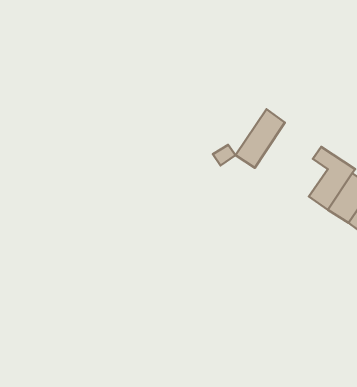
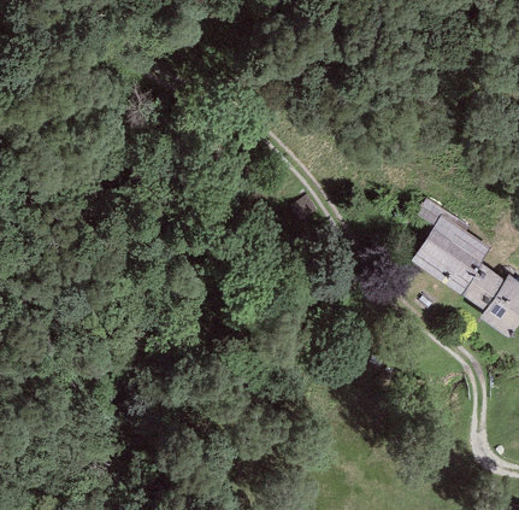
building: [236,109,285,168] -> none

